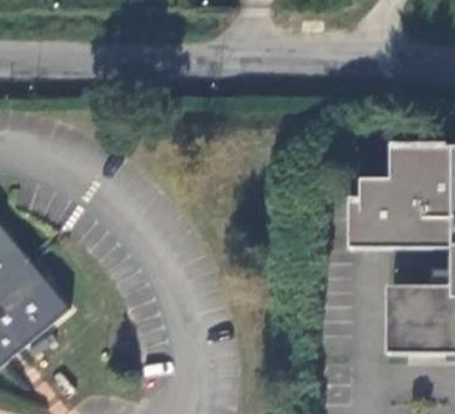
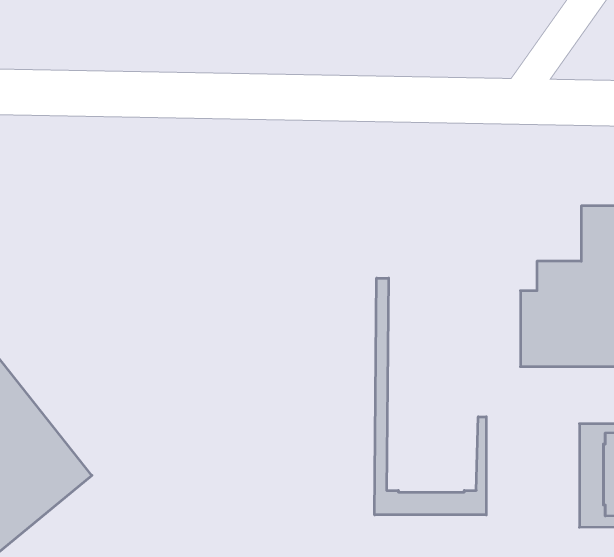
building: none -> [375,278,486,515]

